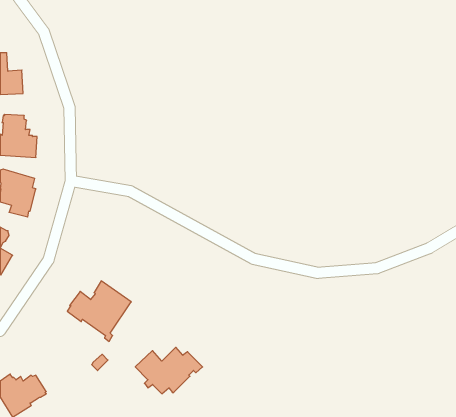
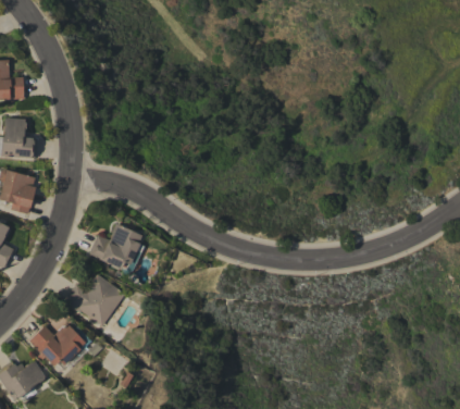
building: none -> [88,223,141,269]
building: [135,347,203,394] -> [28,322,91,365]

